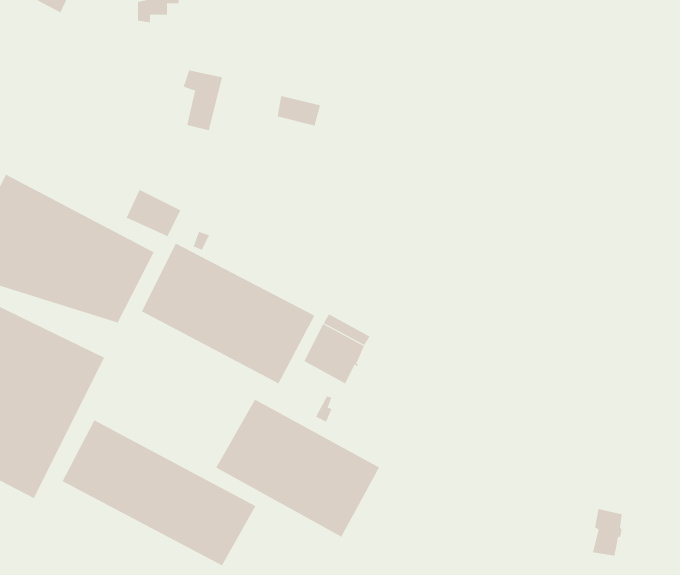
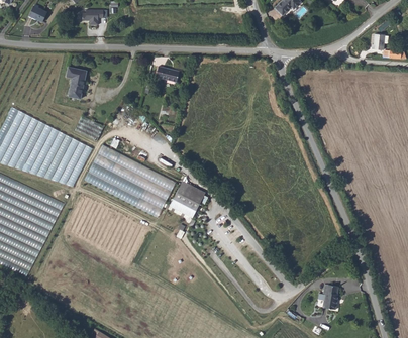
building: [183,70,223,131] -> [65,67,86,99]
building: [215,399,380,537] -> none
building: [62,420,256,566] -> none

